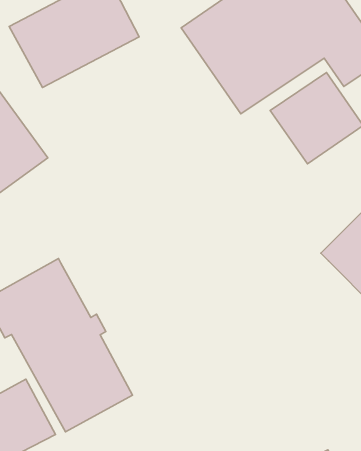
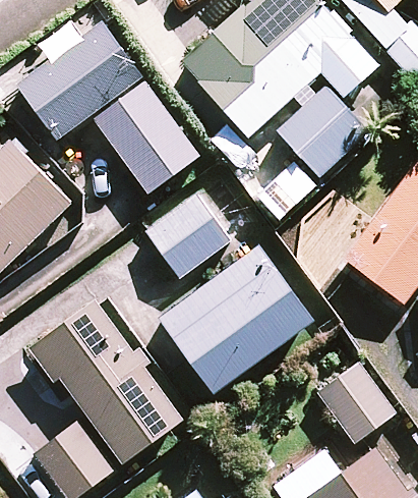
building: none -> [94,81,199,193]
building: none -> [145,193,230,277]
building: none -> [160,245,313,392]
building: none -> [317,362,396,442]

